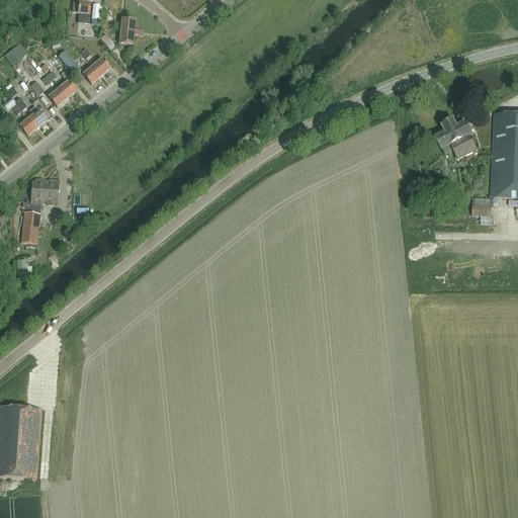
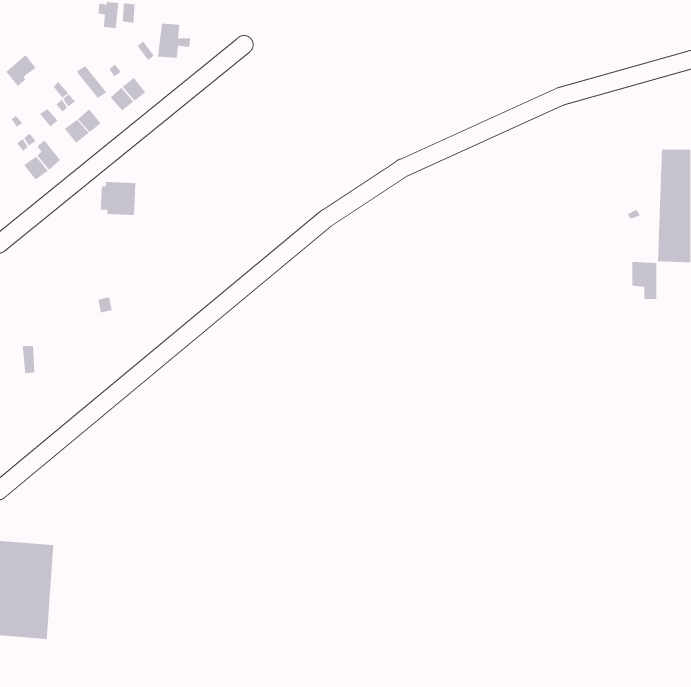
building: [436,120,478,158] -> none
building: [30,177,58,202] -> [100,182,136,215]
building: [20,210,39,243] -> none

